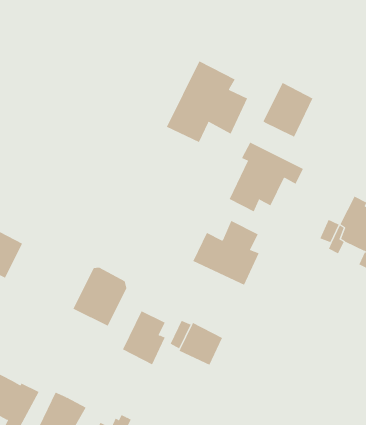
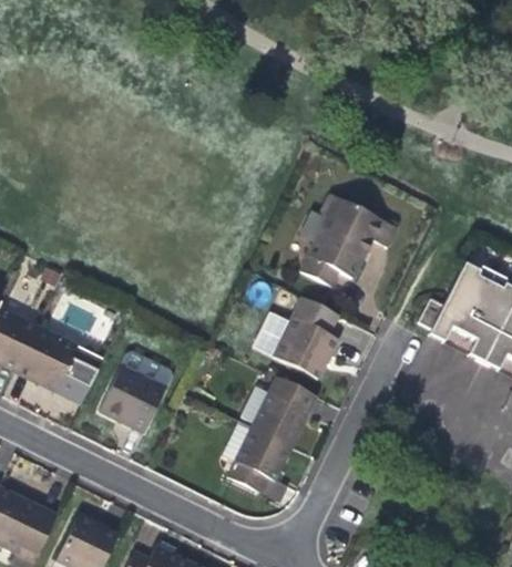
building: [166,61,248,143] -> none
building: [262,82,313,138] -> none
building: none -> [14,327,103,404]
building: [122,310,166,365] -> [253,377,308,446]

